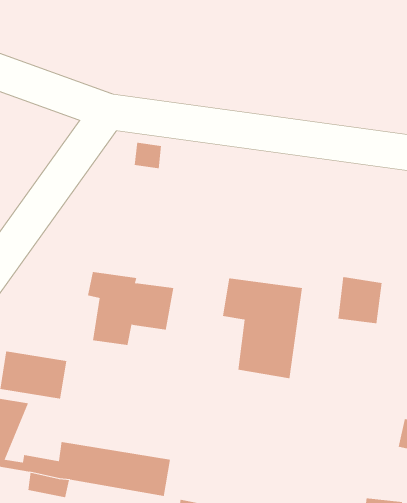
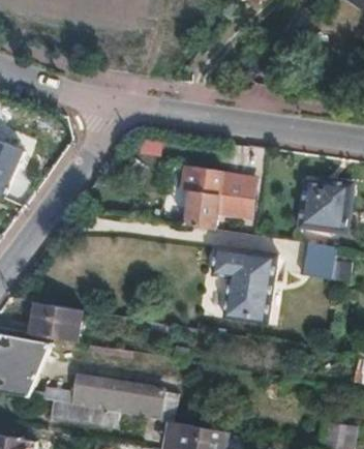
building: none -> [298,182,350,232]
building: [87,271,174,346] -> [180,169,250,229]

